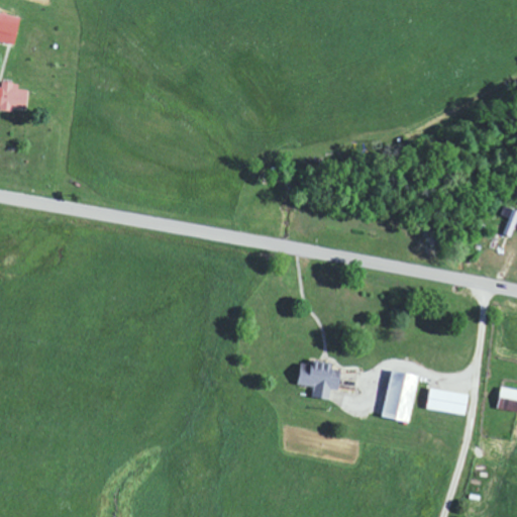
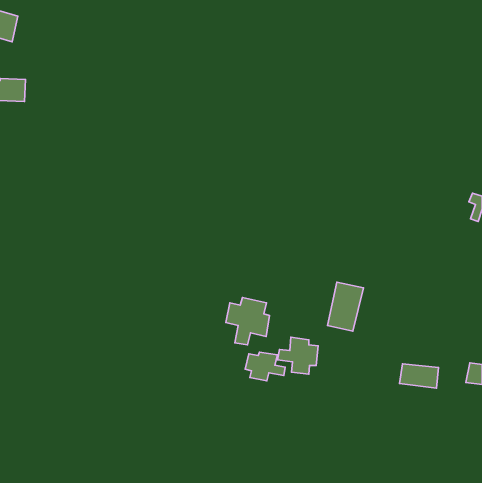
building: none -> [226,298,269,345]
building: [381,370,419,422] -> [327,282,363,331]
building: none -> [245,352,285,381]

